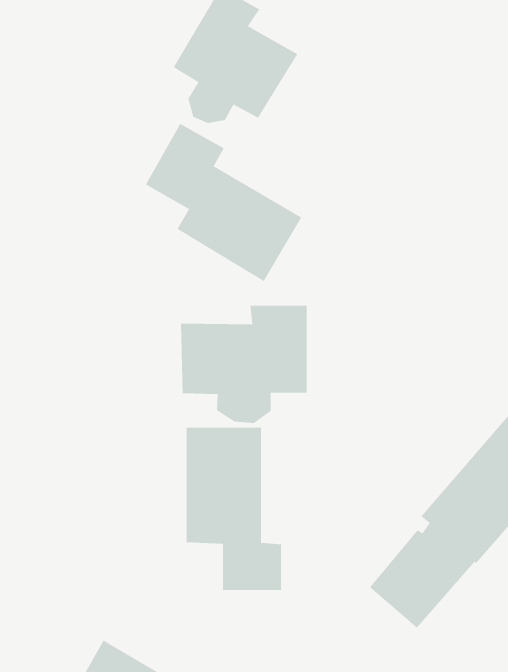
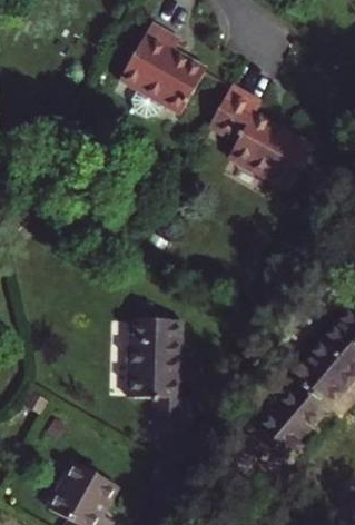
building: [145,123,302,282] -> [207,83,313,190]
building: [180,305,307,424] -> none

